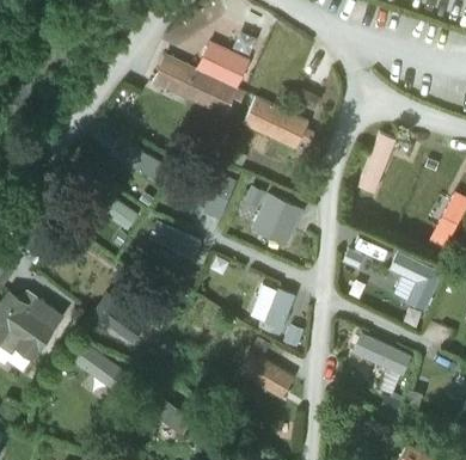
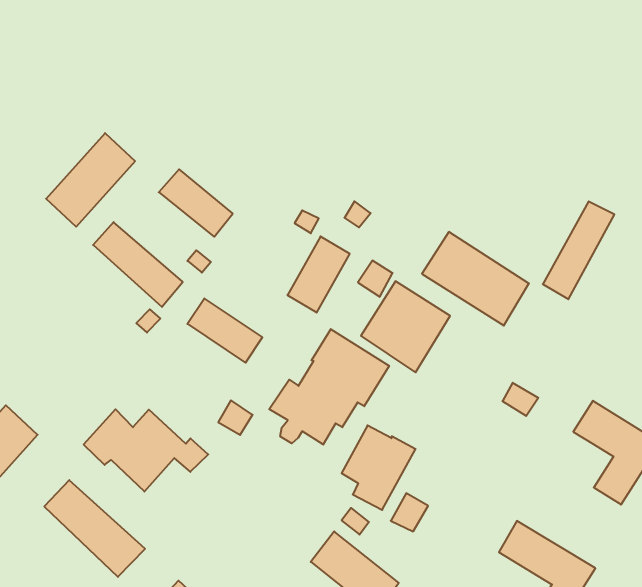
building: [154,42,247,116] -> none
building: [243,98,308,151] -> [422,232,529,326]
building: none -> [46,133,135,227]
building: none -> [269,329,389,445]

